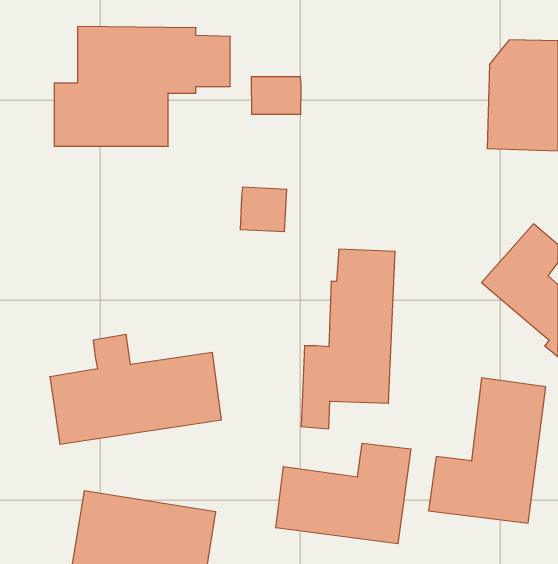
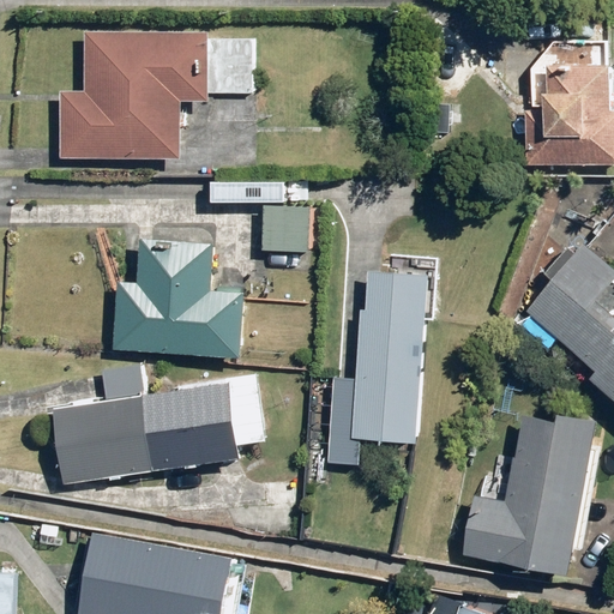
building: [252,76,301,115] -> none
building: none -> [113,240,243,354]
building: [276,443,411,544] -> none

